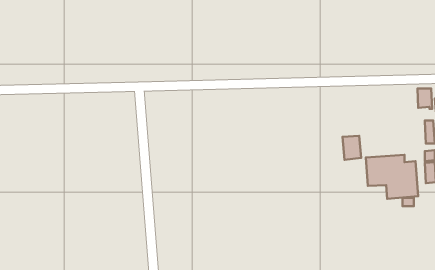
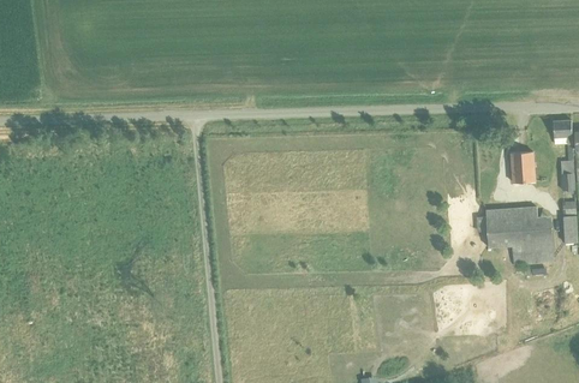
building: [343,136,361,160] -> [511,151,535,182]

